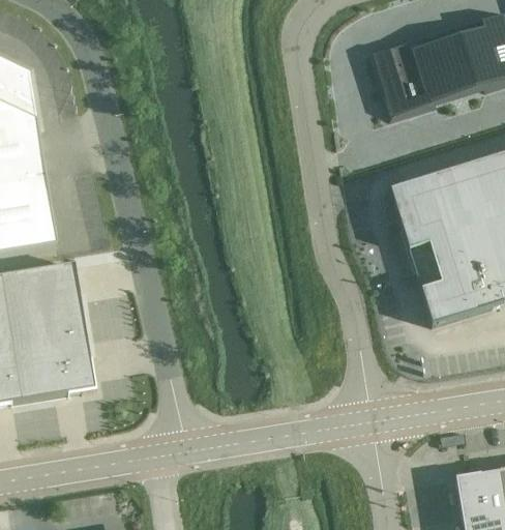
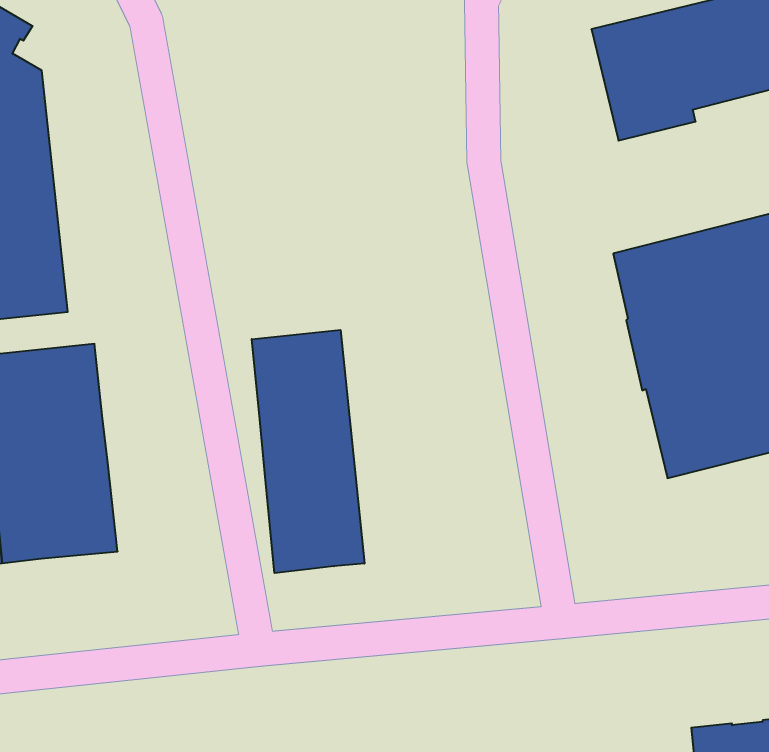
building: none -> [252,330,364,573]

